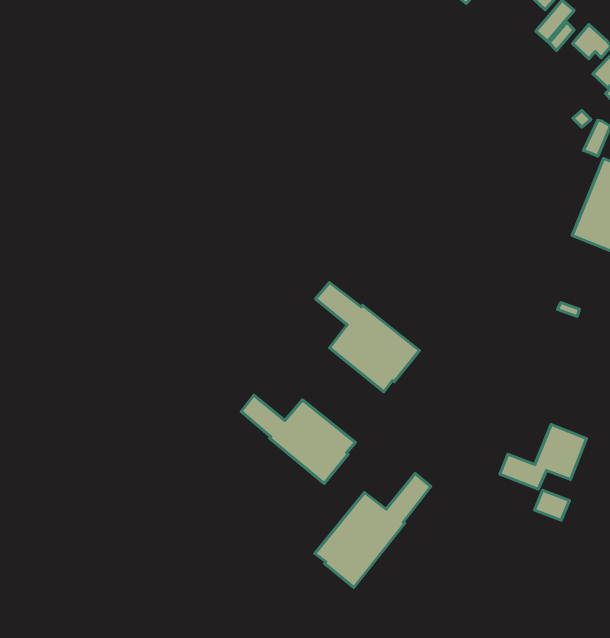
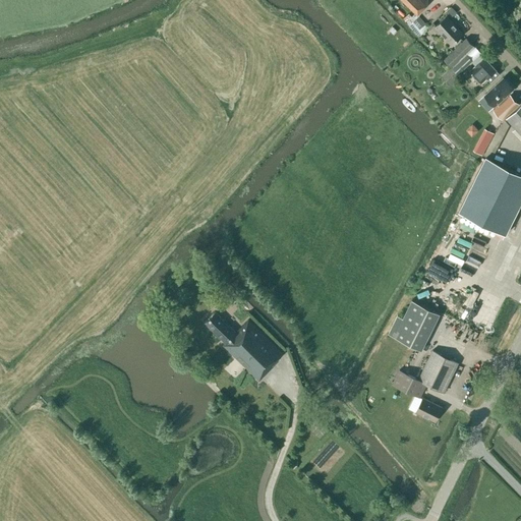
building: [315,282,420,392] -> none
building: none -> [389,296,440,346]
building: [315,473,431,587] -> none

